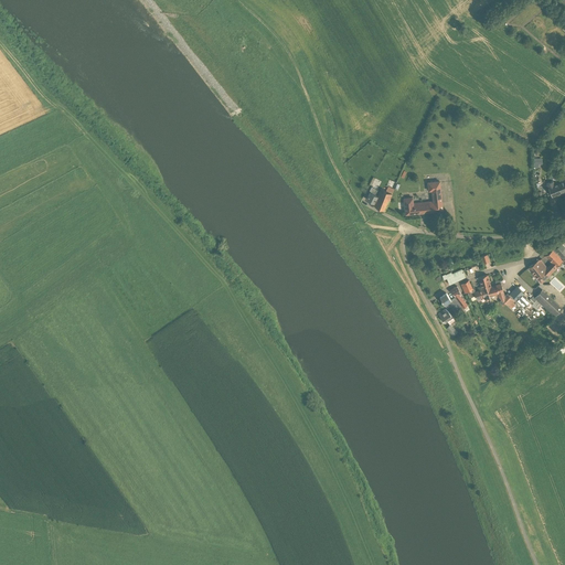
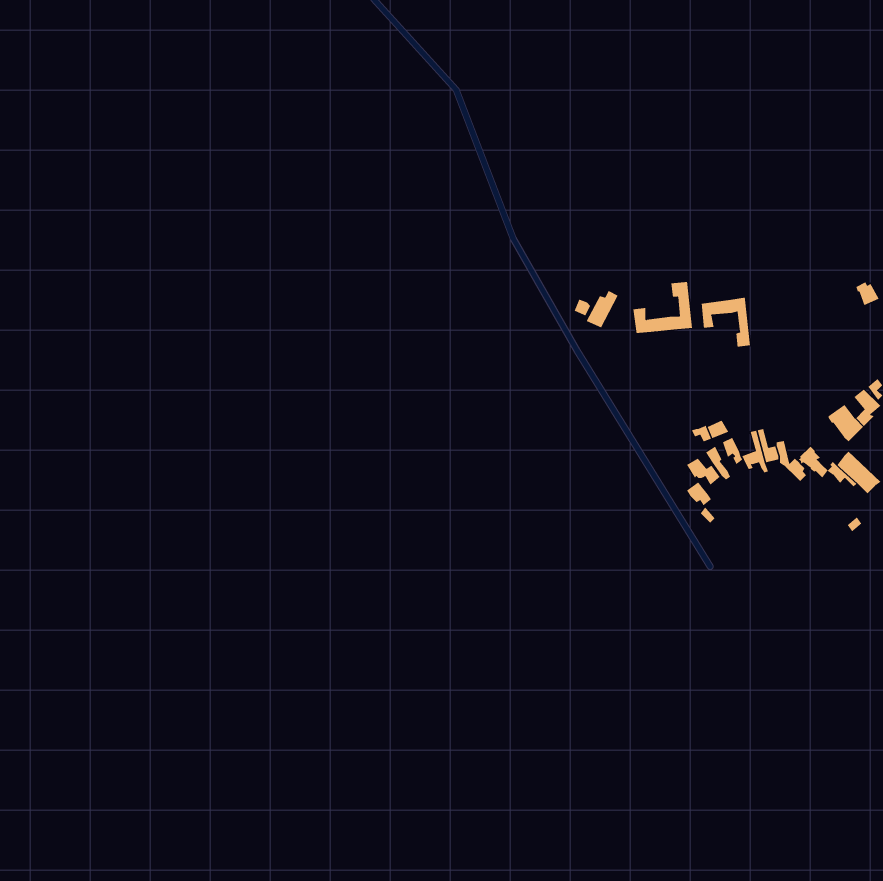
building: none -> [701,297,751,348]

